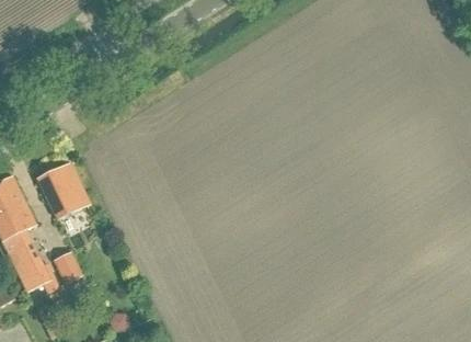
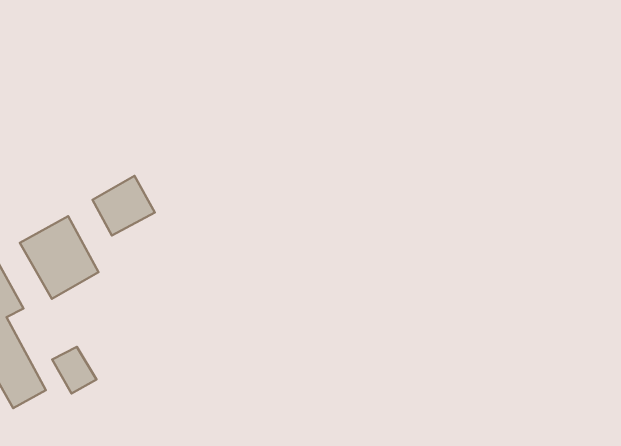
building: none -> [93,176,155,236]

